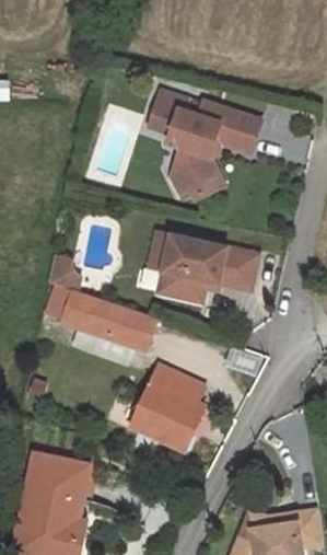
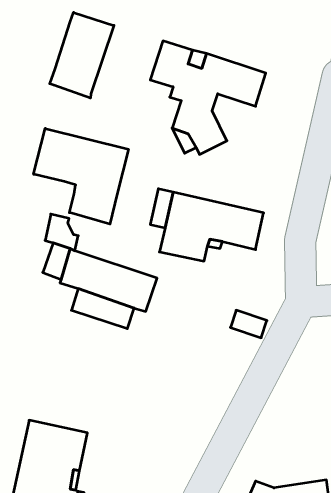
building: none -> [50,12,114,98]
building: none -> [34,128,128,224]
building: [131,367,205,451] -> none

